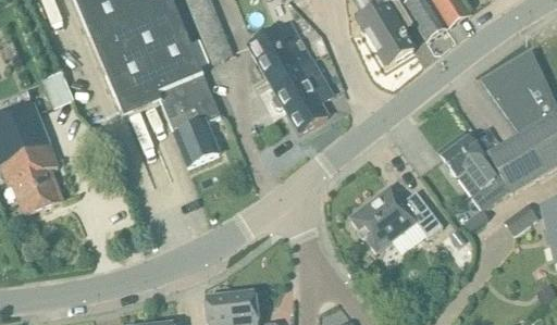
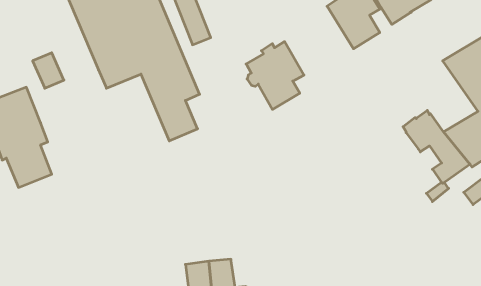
building: [249,21,312,83] -> none
building: [350,186,443,250] -> none

